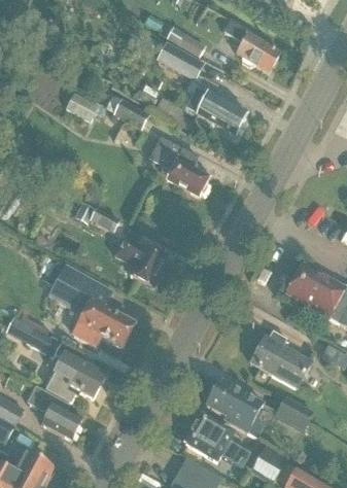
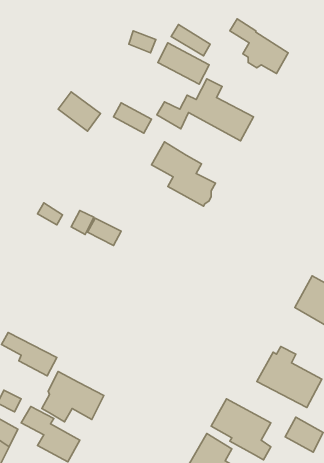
building: [114,235,166,285] -> none
building: [48,265,133,345] -> none

